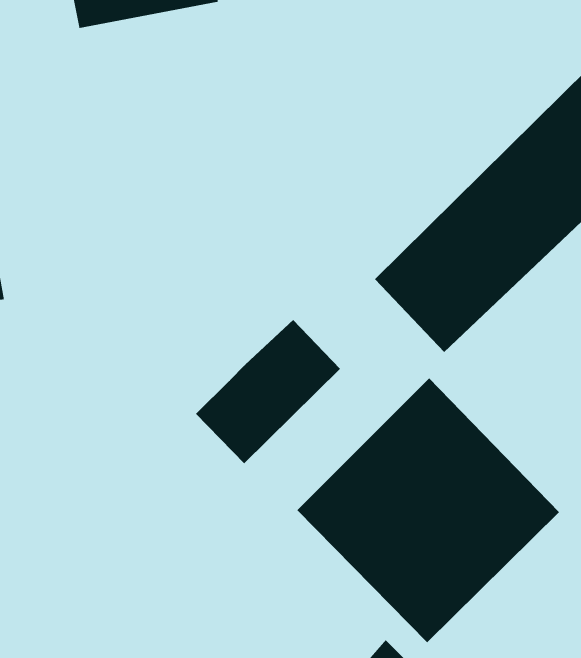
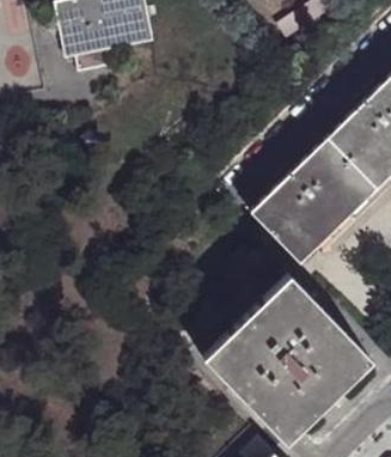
building: [195,319,341,464] -> none

